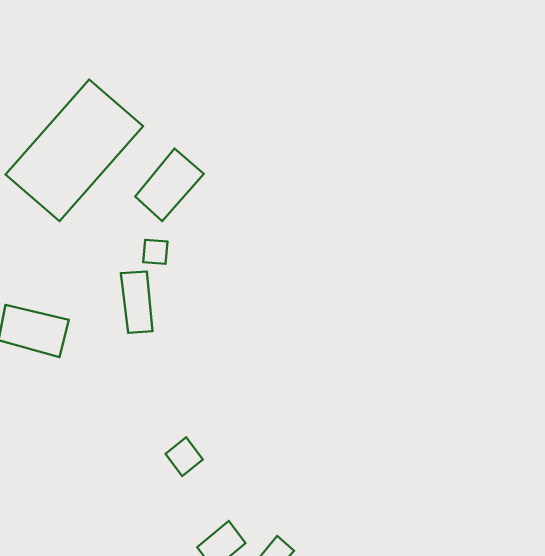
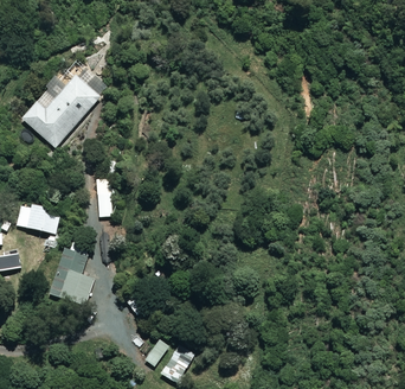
building: [135,149,204,221] -> none
building: none -> [49,248,92,305]

